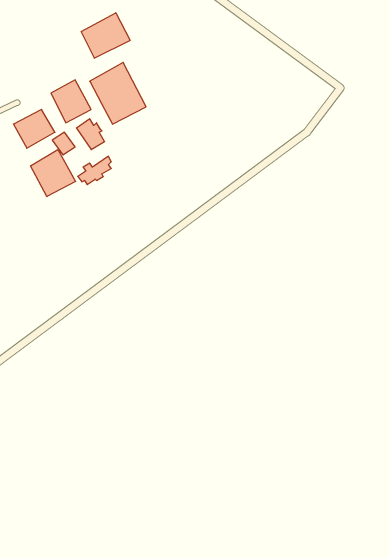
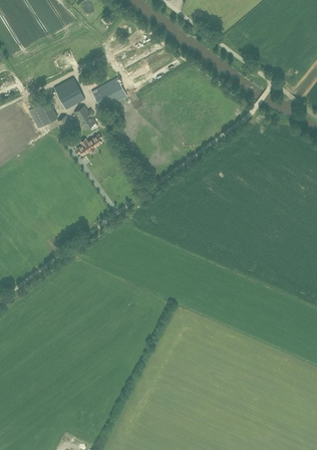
building: [81,13,130,58] -> none
building: [31,150,76,197] -> none

